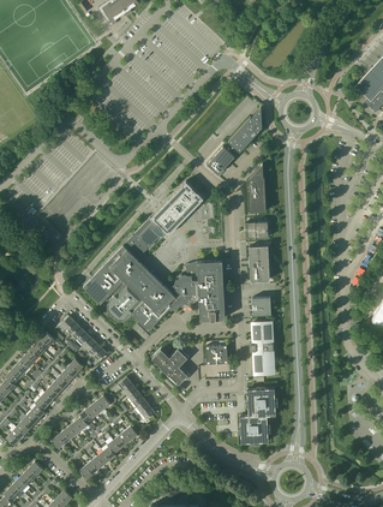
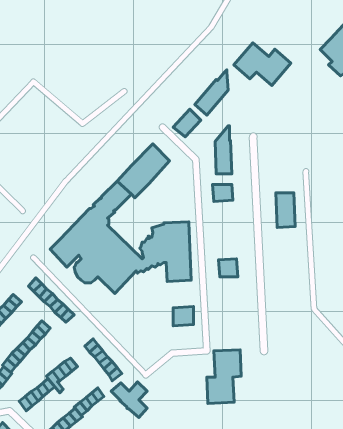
building: none -> [234,43,291,85]
building: [250,246,269,281] -> [276,193,295,228]
building: [250,322,273,374] -> none
building: [151,348,187,384] -> [111,382,147,418]

